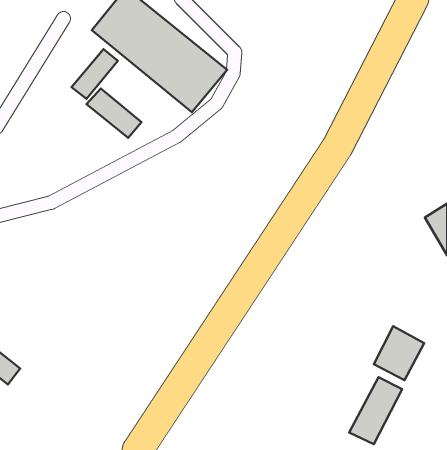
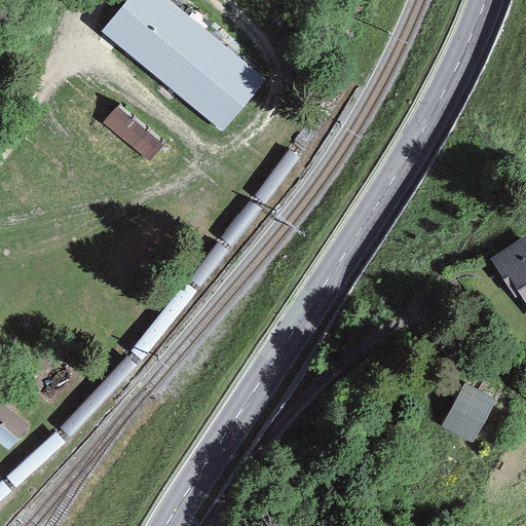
building: [71,49,118,99] -> none
building: [349,377,402,444] -> none

